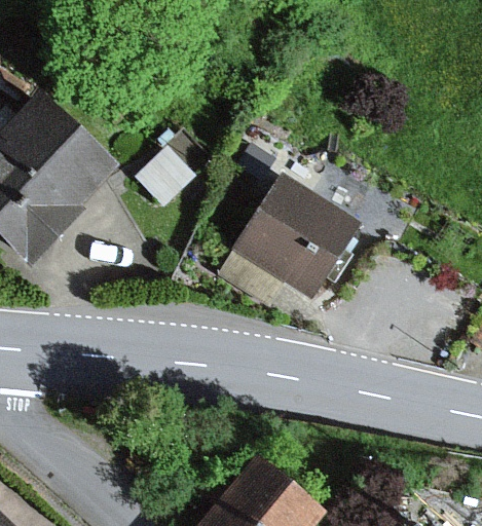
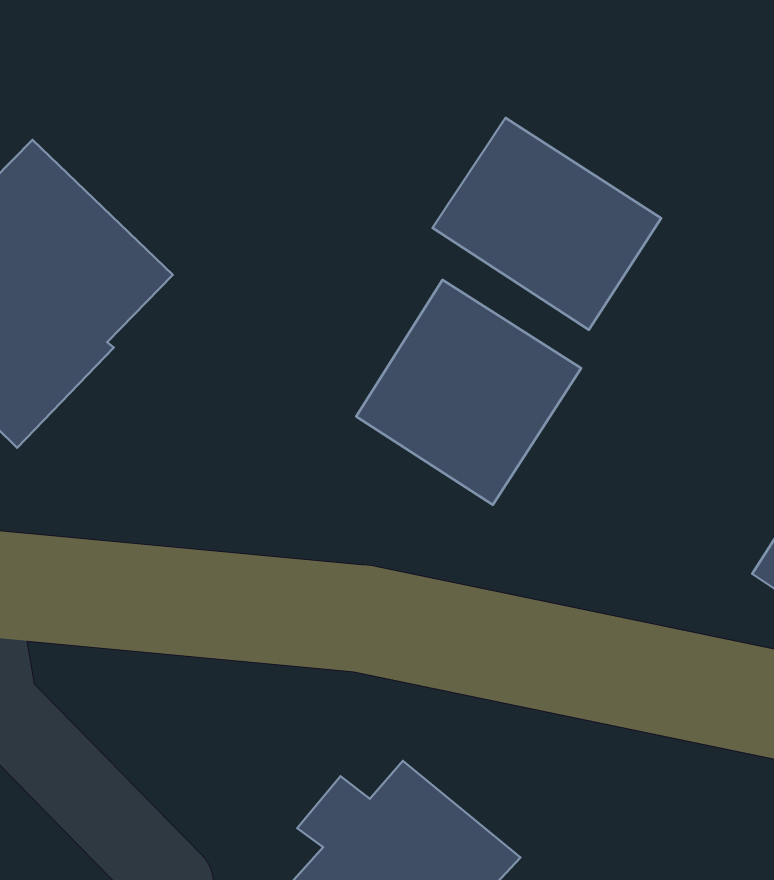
building: none -> [432,118,661,330]

